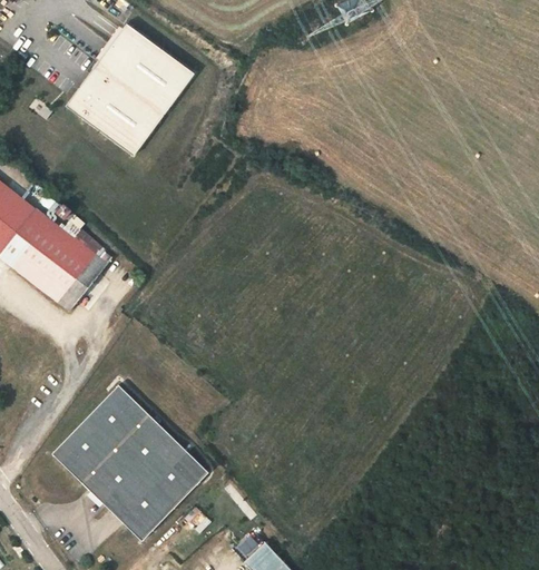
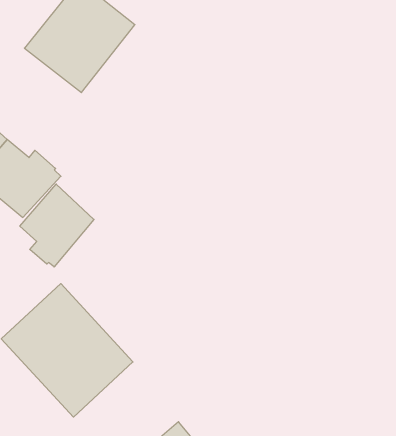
building: none -> [20,184,94,267]

